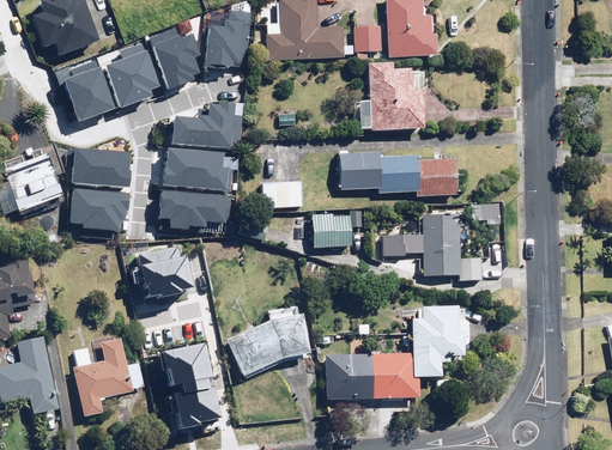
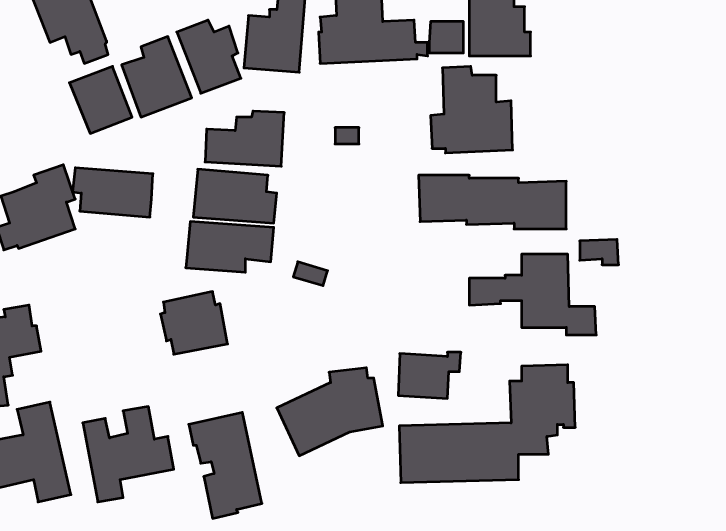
building: [263,182,303,206] -> none
building: [69,188,126,237] -> none
building: [315,211,365,248] -> [398,352,461,398]

